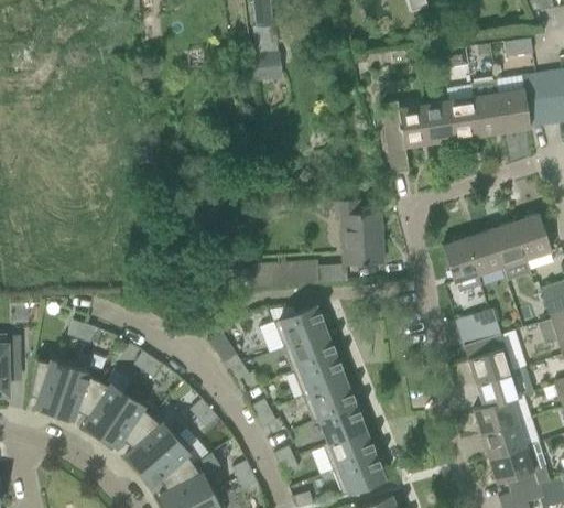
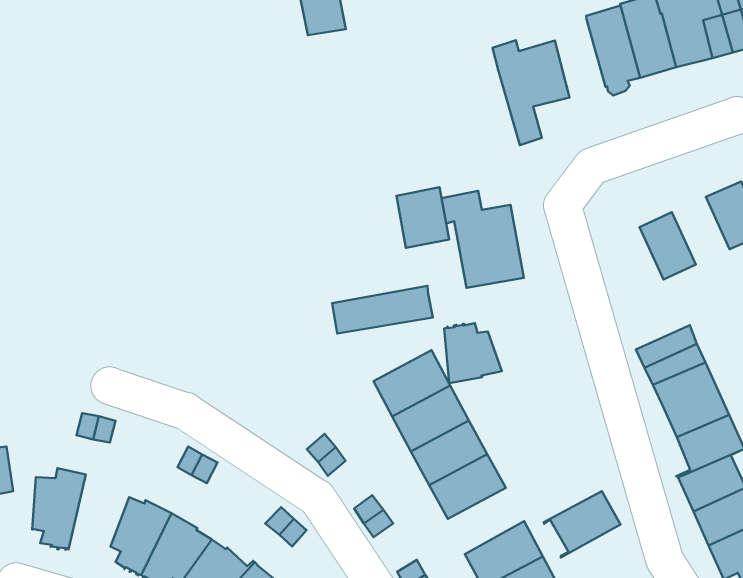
building: [424,91,455,143] -> none
building: none -> [396,187,449,248]
building: [490,221,527,267] -> none
building: [442,237,481,291] -> none
building: none -> [444,323,502,383]
building: [54,361,99,418] -> none
building: [314,403,366,445] -> [544,491,620,557]

